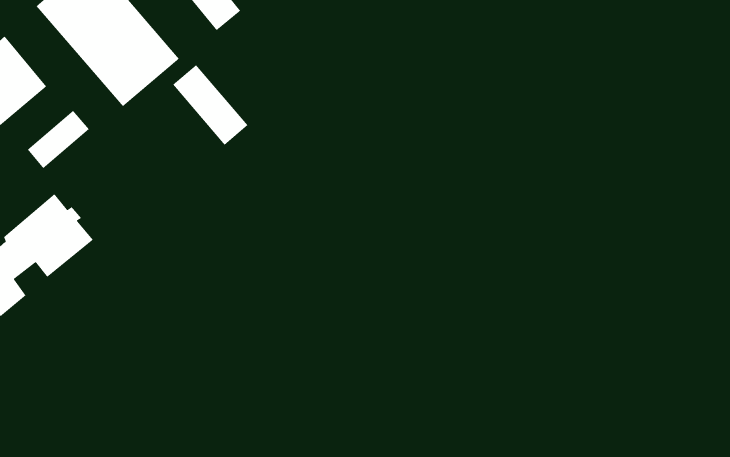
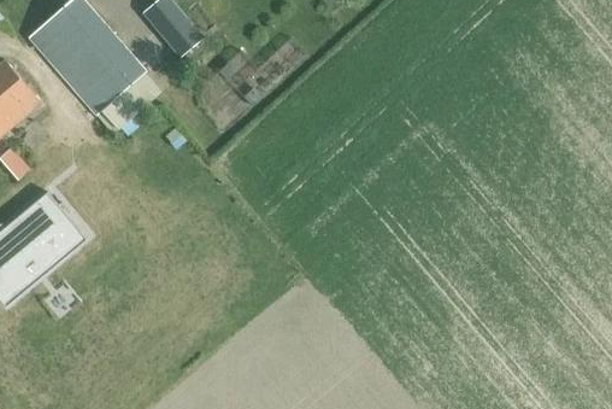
building: [172,64,249,146] -> none
building: [27,110,90,169] -> none

